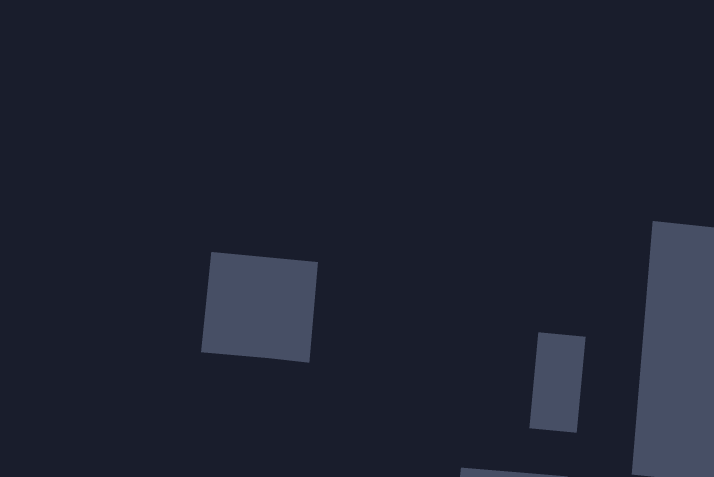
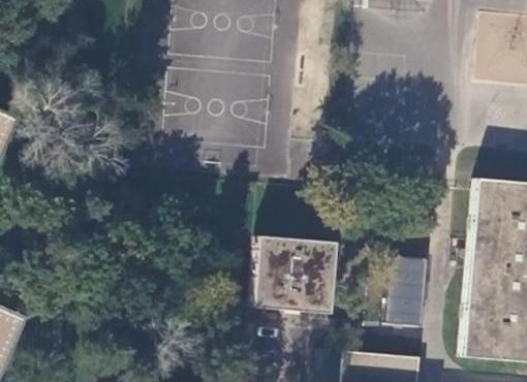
building: [200,251,319,363] -> [252,235,335,313]

